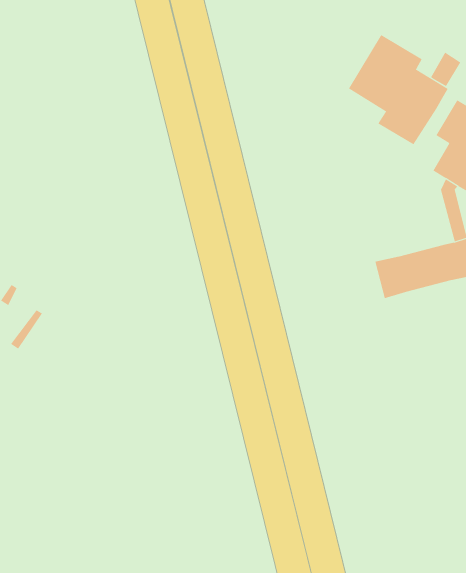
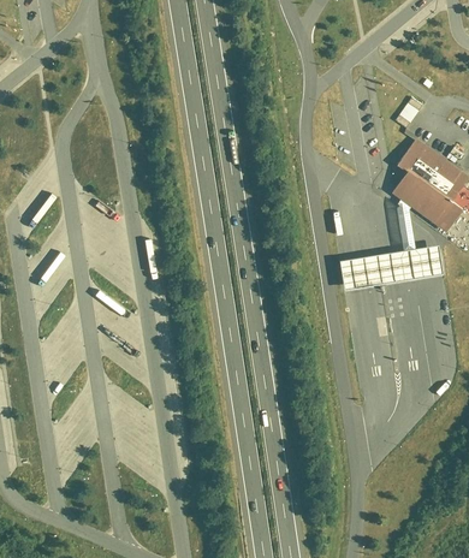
building: [348,34,448,145] -> none

